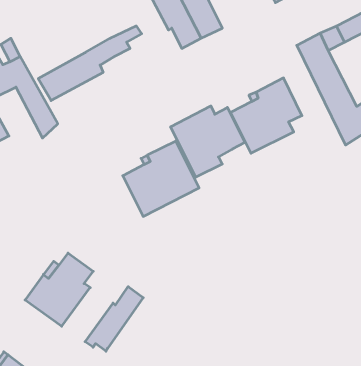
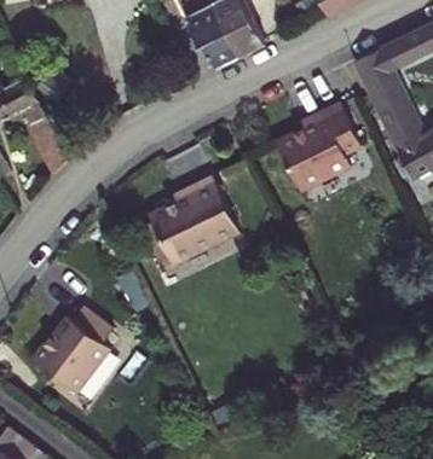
building: [38,26,142,101] -> none
building: [171,106,245,177] -> none
building: [85,287,143,351] -> none

